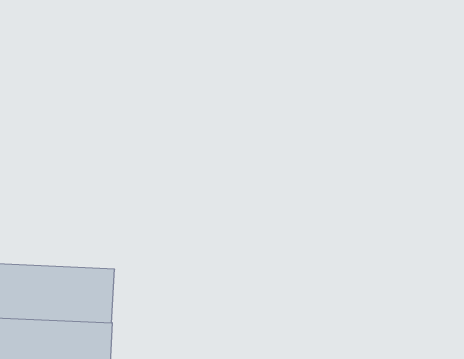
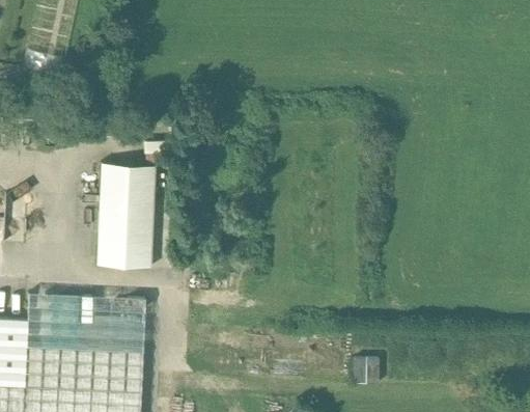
building: none -> [95,165,155,269]
building: none -> [354,357,380,382]

